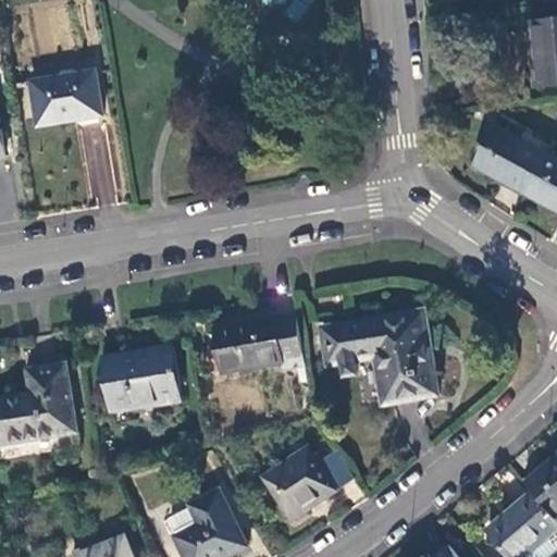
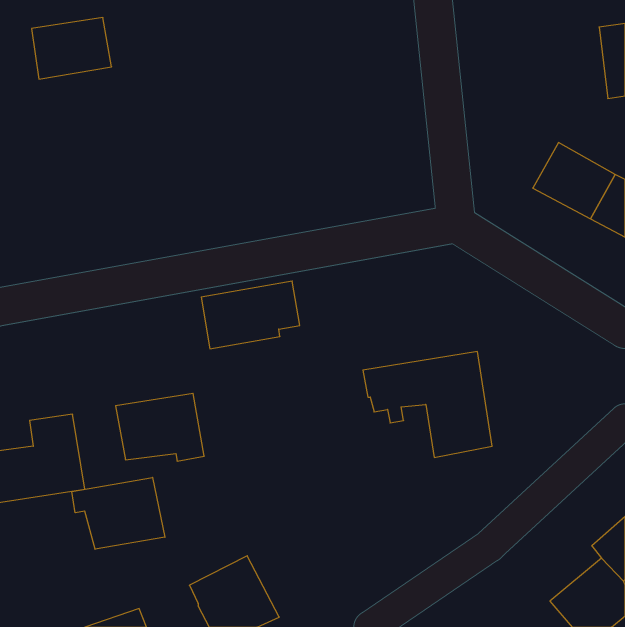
building: [30,72,101,126] -> [32,18,112,79]
building: [213,312,300,372] -> [201,281,300,349]
building: none -> [72,477,165,549]
building: [261,444,354,518] -> none

